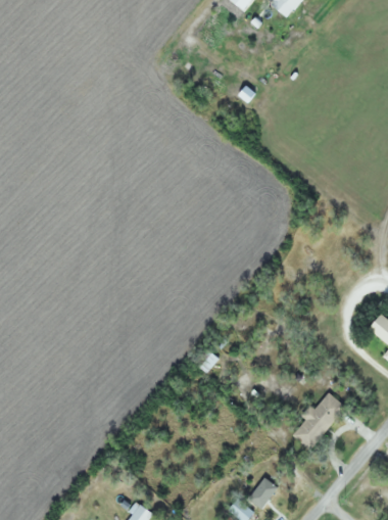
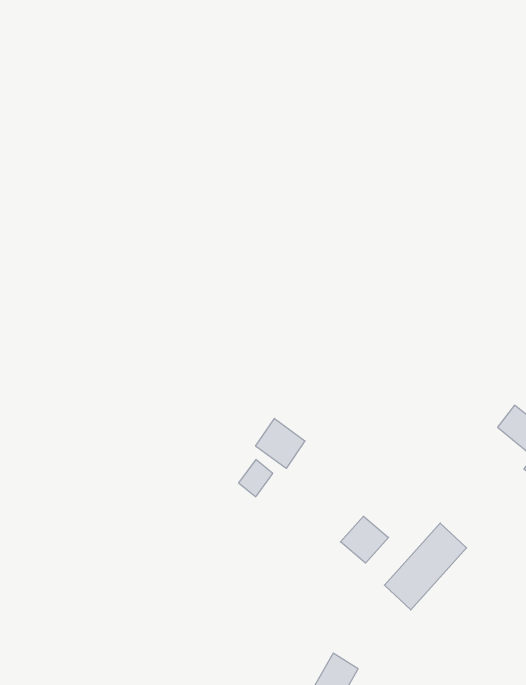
building: none -> [256,418,305,468]
building: none -> [340,516,389,563]

